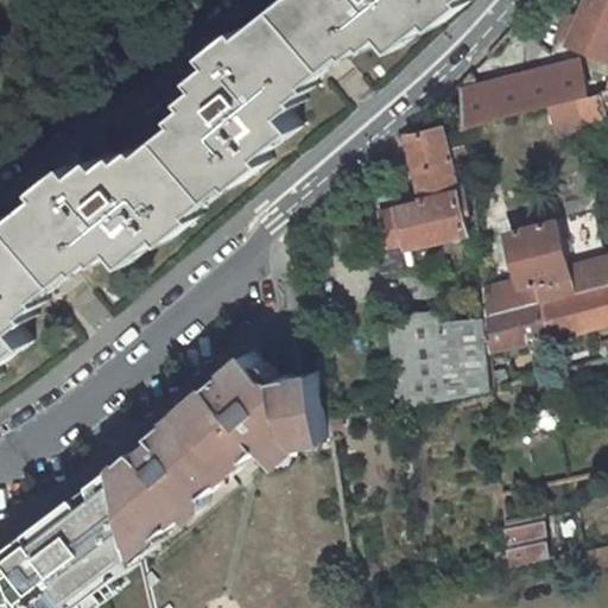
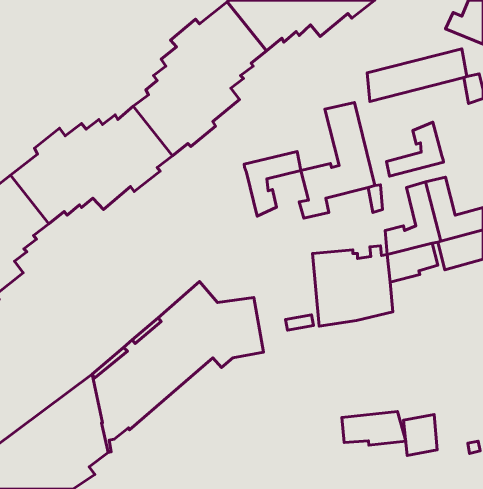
building: none -> [387,122,444,176]
building: none -> [244,151,301,216]
building: none -> [342,411,406,445]

